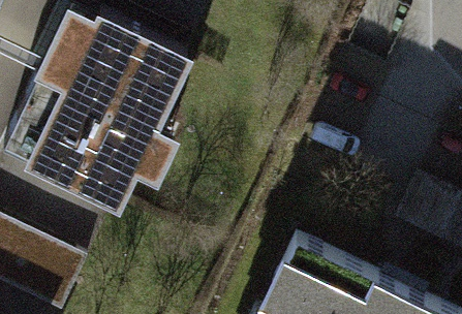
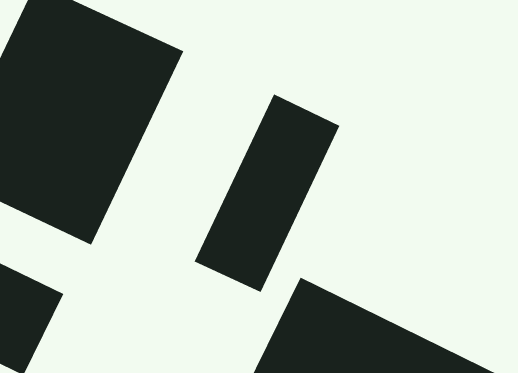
building: none -> [194,93,340,293]

